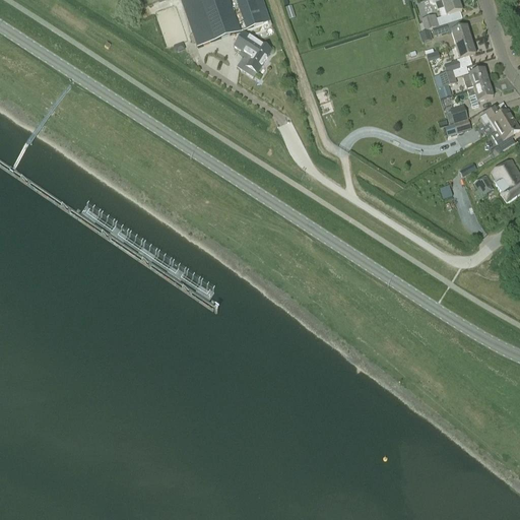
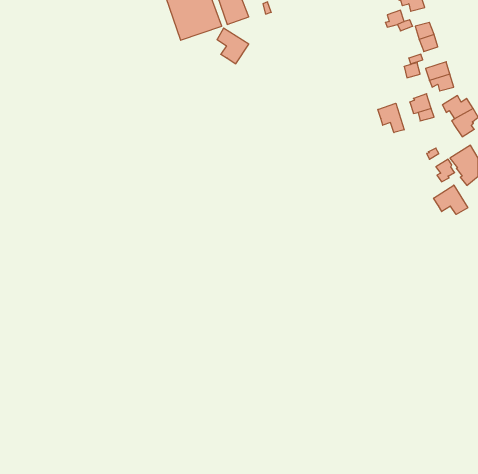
building: none -> [378,103,404,133]
building: none -> [434,185,468,214]

